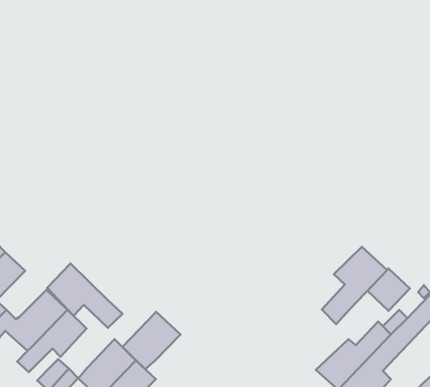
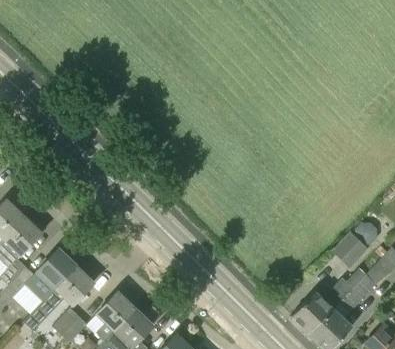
building: [322,247,387,324] -> none
building: [47,263,122,328] -> none
building: [123,312,180,369] -> none

